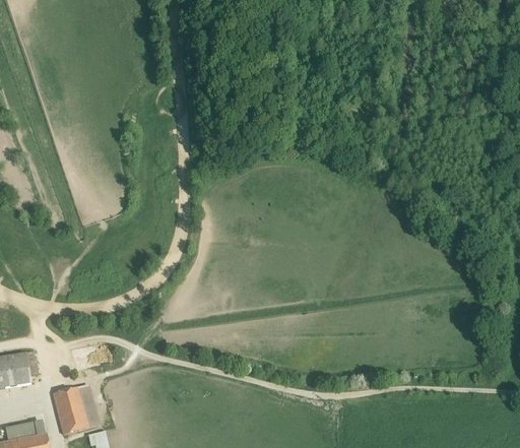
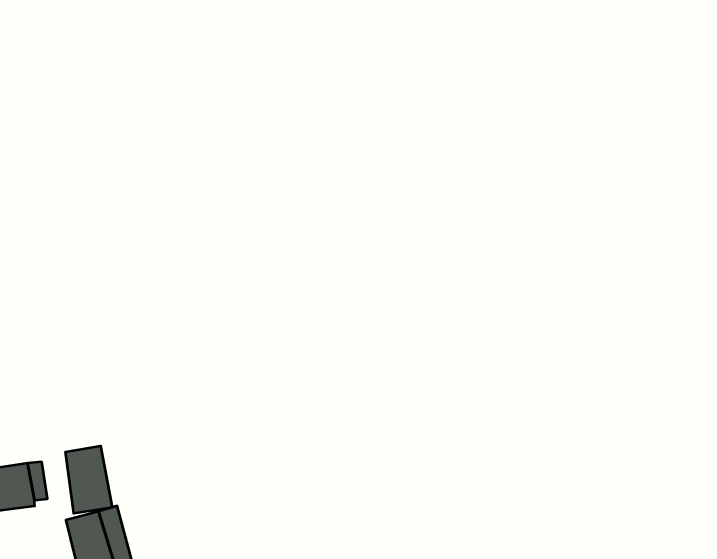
building: none -> [66,446,112,513]

